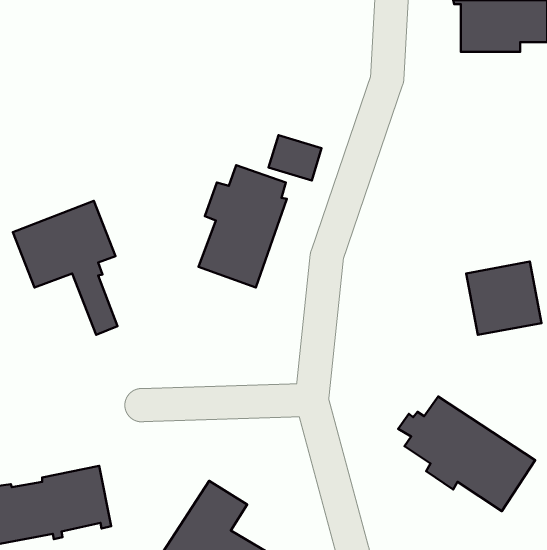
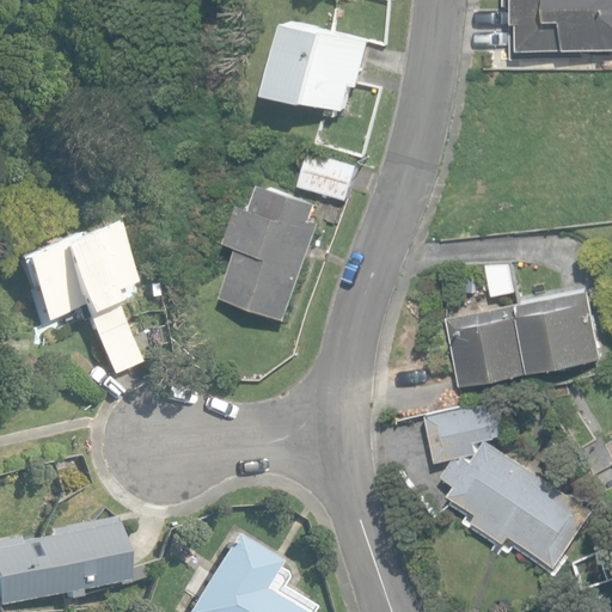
building: none -> [270,22,368,116]
building: none -> [446,305,530,387]
building: none -> [420,397,501,459]

